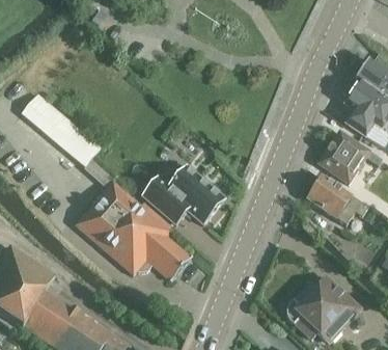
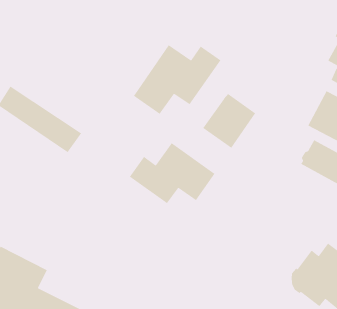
building: none -> [132,44,221,115]
building: none -> [202,93,256,149]
building: [75,181,190,279] -> none

